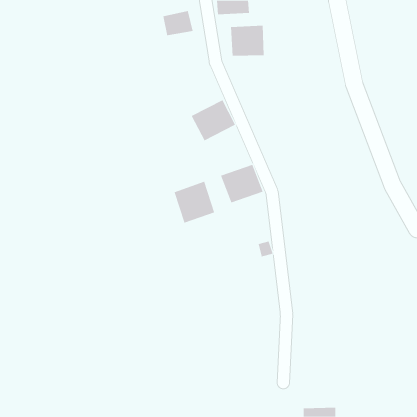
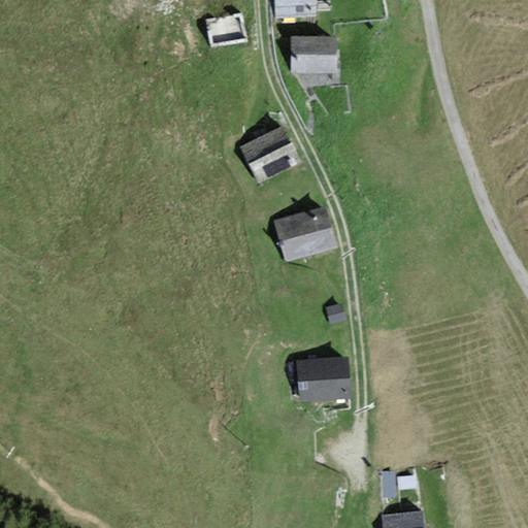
building: [174,181,215,224] -> none
building: none -> [295,356,349,400]

